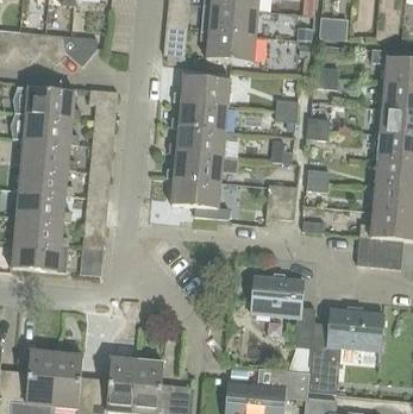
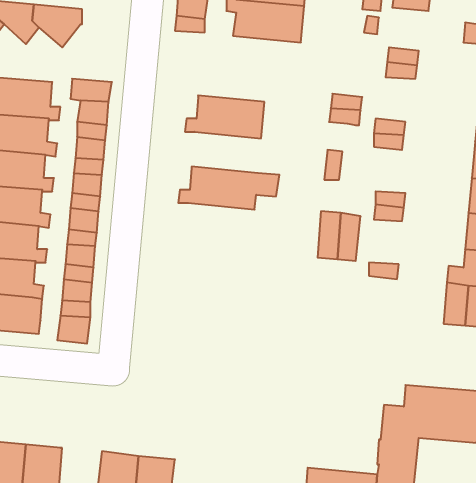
building: [173,74,230,105] -> none
building: [168,126,237,156] -> none
building: [170,177,229,219] -> none
building: [250,275,314,347] -> none

